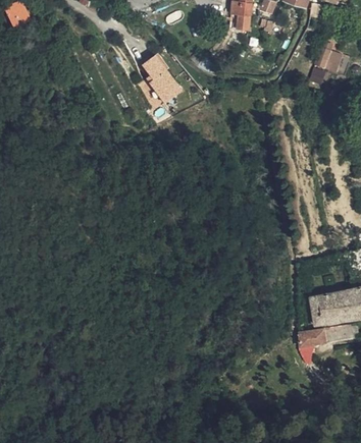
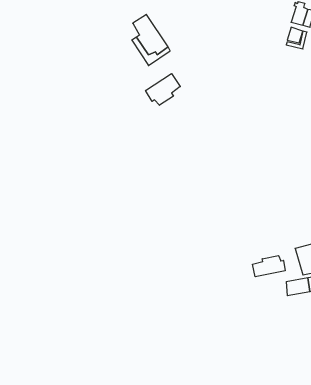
building: none -> [146,74,180,105]
building: none -> [253,256,285,277]

